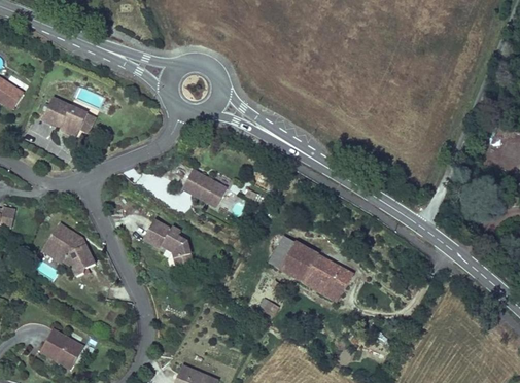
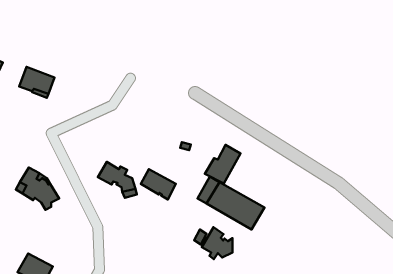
building: [183,171,228,209] -> [141,169,176,199]
building: none -> [205,145,240,184]
building: none -> [202,227,233,259]

